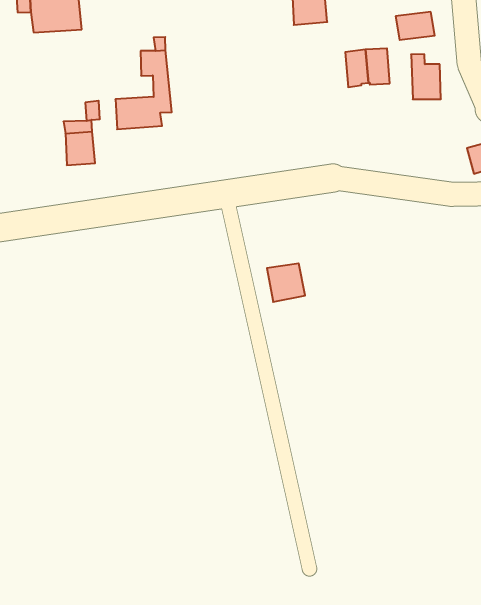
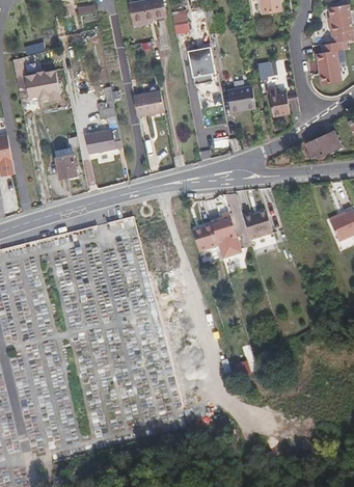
building: none -> [133,88,163,117]
building: none -> [210,216,244,259]
building: none -> [244,212,274,240]

